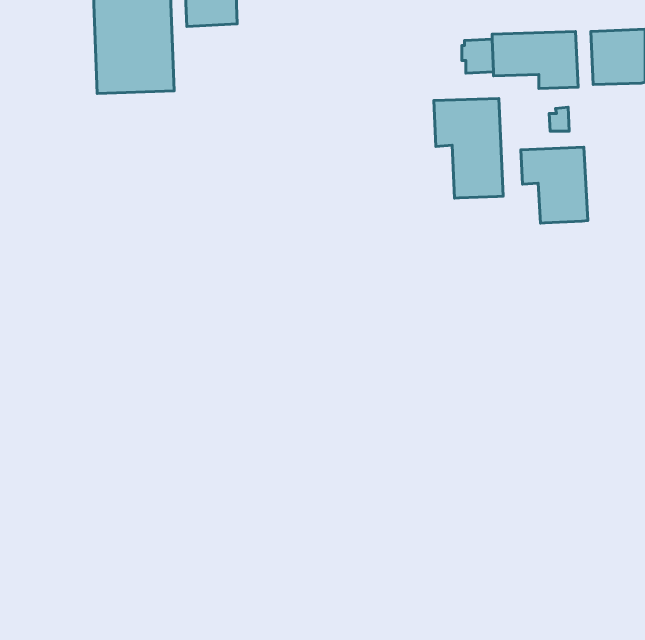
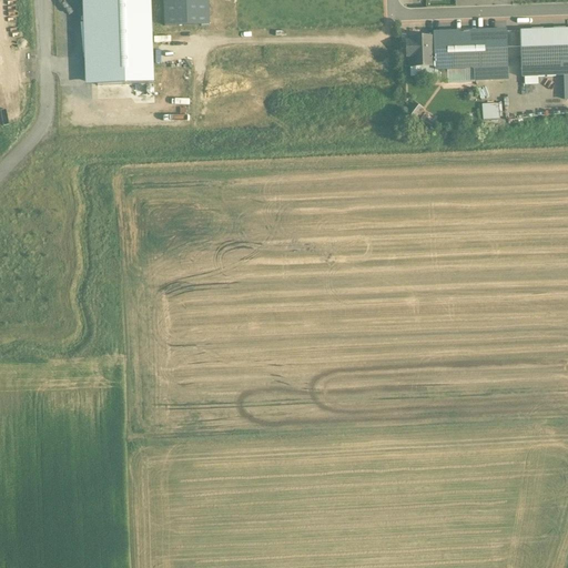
building: [434,99,503,198] -> none
building: [521,147,588,223] -> none

